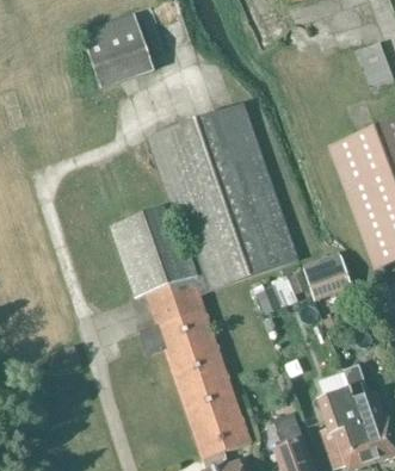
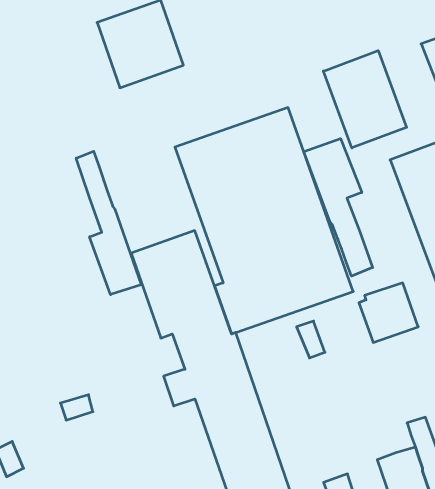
building: none -> [323,51,407,148]
building: none -> [304,139,373,276]
building: none -> [76,151,141,295]

